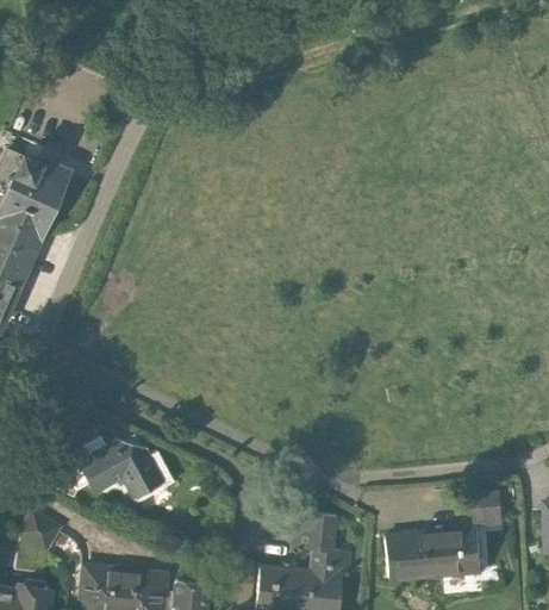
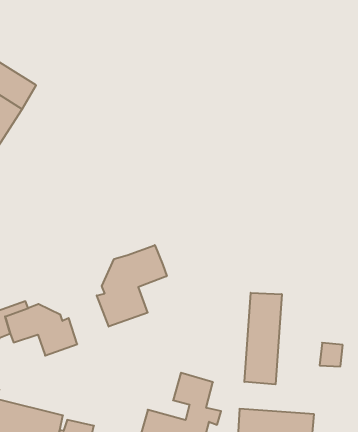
building: none -> [97,245,167,327]
building: none -> [244,293,282,384]
building: [475,497,503,527] -> [320,343,343,366]

